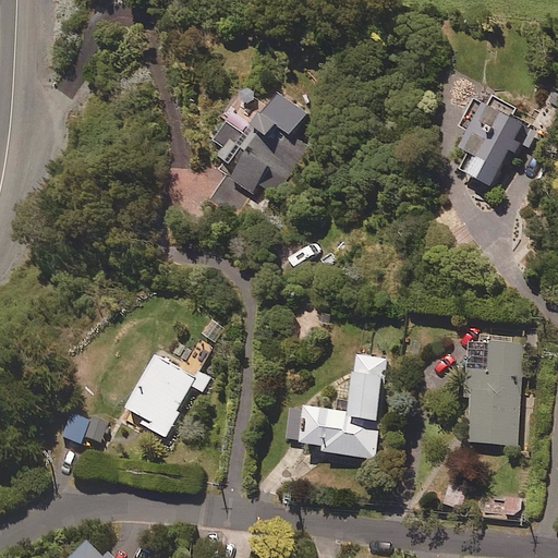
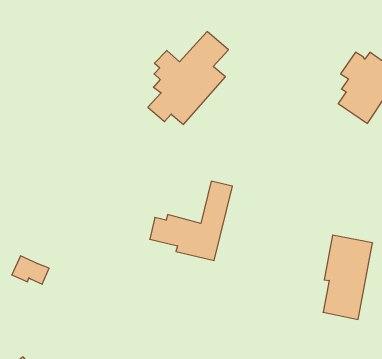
building: [126,353,207,437] -> none
building: [286,354,386,458] -> [150,181,232,261]

